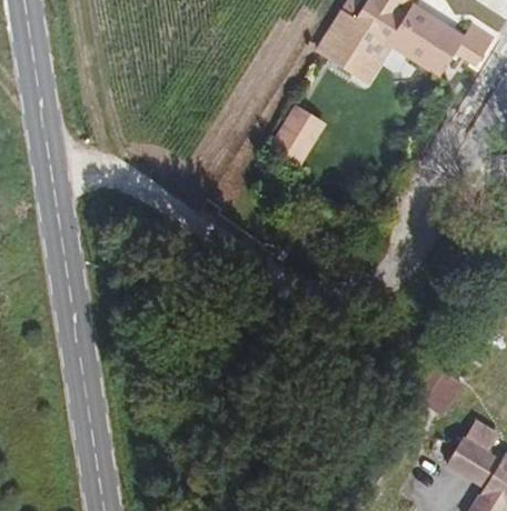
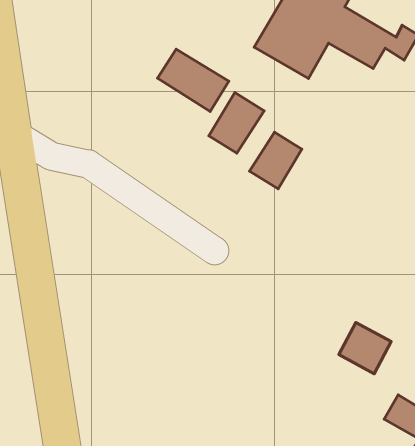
building: none -> [158,49,229,111]
building: none -> [250,132,302,189]

